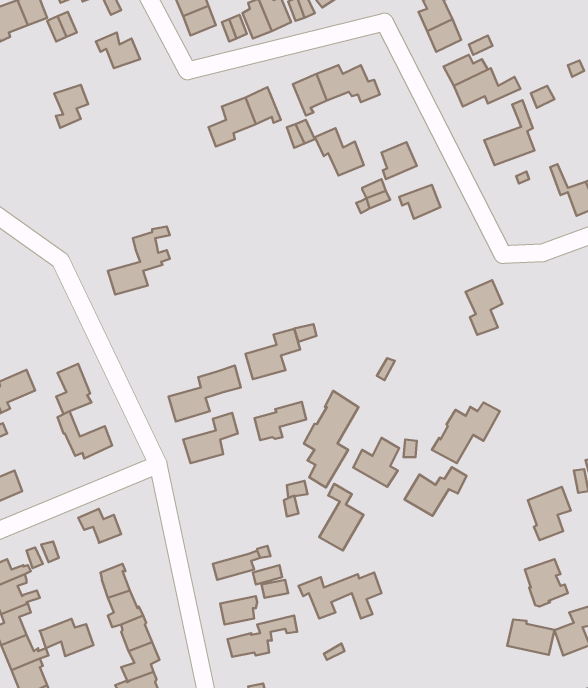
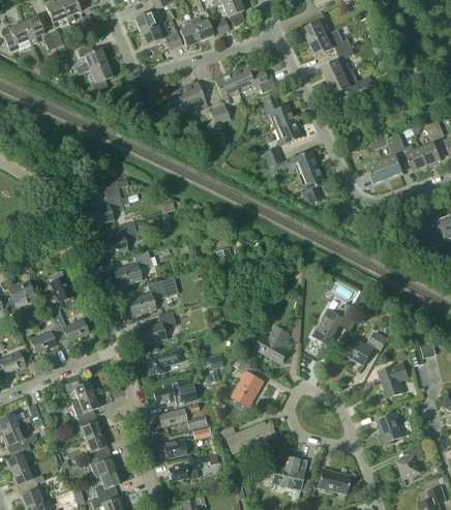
building: [54,85,88,128] -> [89,62,113,92]
building: [484,100,534,165] -> [367,138,402,183]
building: [315,128,364,175] -> [260,94,294,127]
building: [465,280,502,335] -> [299,166,325,204]
building: none -> [99,220,138,257]
building: [245,329,300,379] -> [114,250,152,286]
building: [304,391,358,487] -> none
building: [254,402,306,440] -> [146,348,182,374]
building: none -> [31,324,62,353]
building: [405,467,467,516] -> [344,331,388,365]
building: none -> [153,377,197,403]
building: none -> [71,394,99,421]
building: [39,619,93,656] -> none
building: [507,619,555,655] -> [318,468,351,492]
building: none -> [271,455,310,492]

